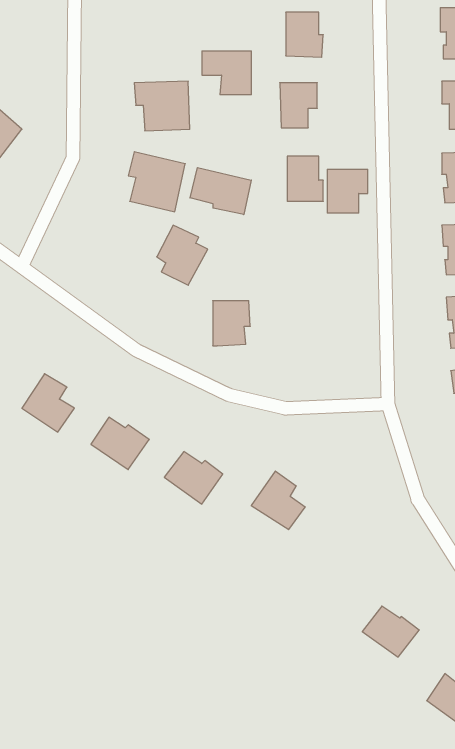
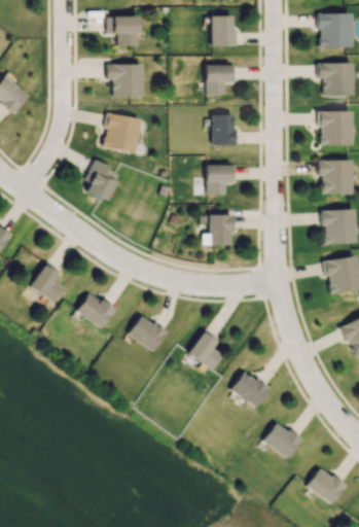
building: [202,51,251,95] -> [106,16,140,46]
building: [190,168,251,215] -> none
building: [327,169,368,213] -> [206,165,234,195]
building: [157,225,208,285] -> [84,159,119,200]
building: [213,301,250,346] -> [209,214,235,245]
building: none -> [230,372,271,409]

